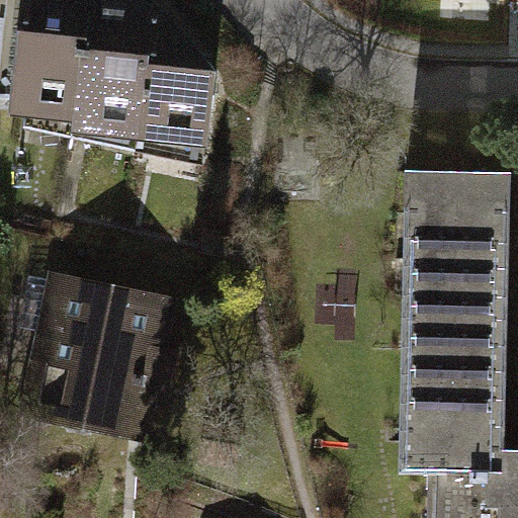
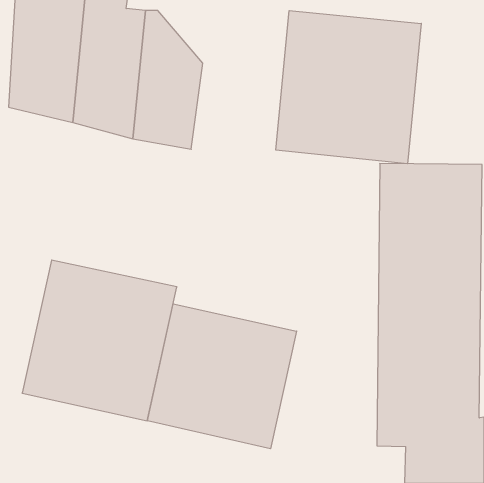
building: none -> [276,11,421,164]
building: none -> [148,304,297,449]

